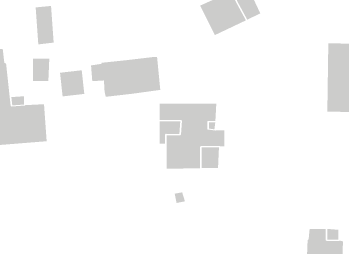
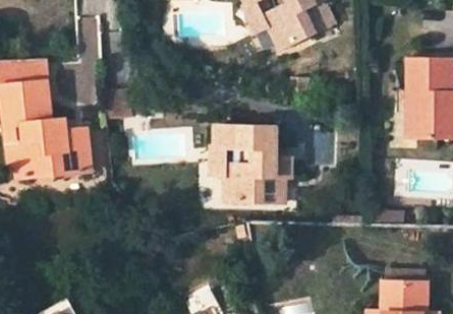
building: [91,56,161,97] -> none

